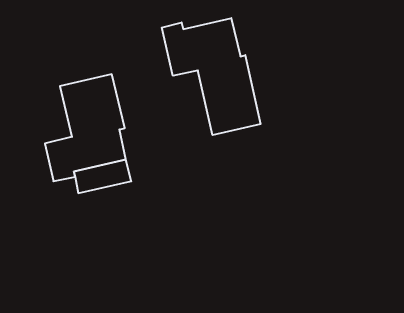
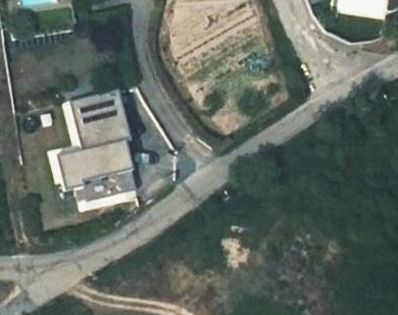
building: [162,18,261,135] -> none

